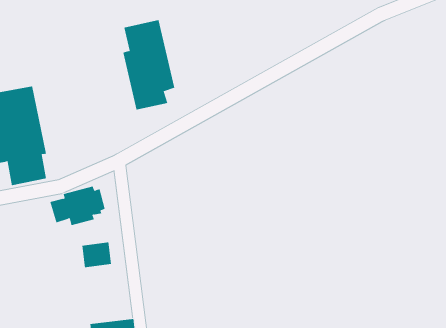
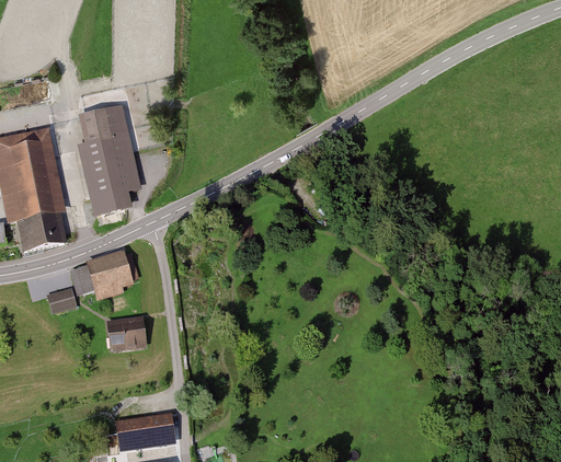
building: [123,19,175,110] -> [77,103,141,215]
building: none -> [48,289,77,313]

